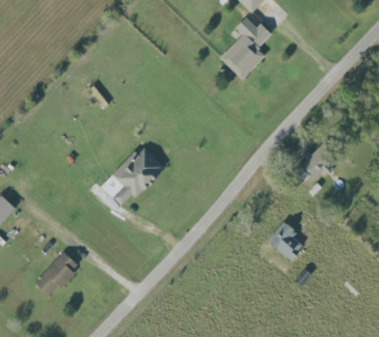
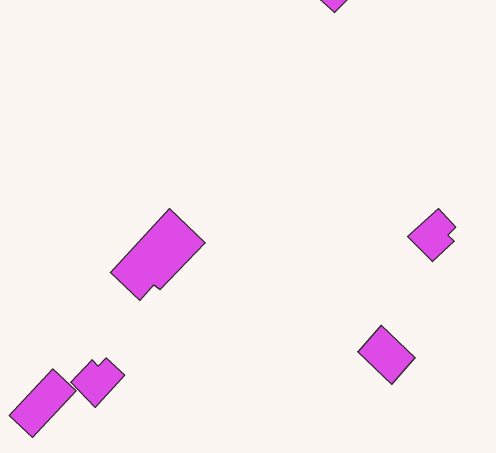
building: [221,17,272,79] -> none
building: none -> [71,358,125,407]

